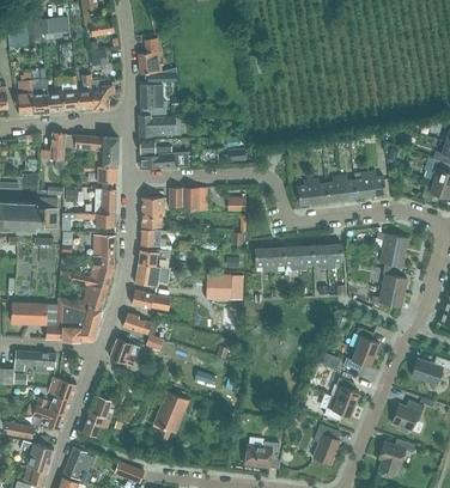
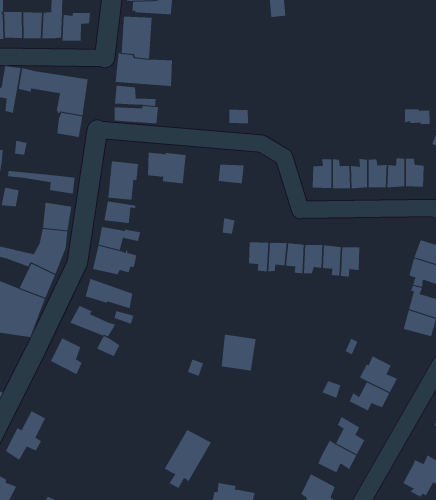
building: [95,189,116,214] -> none
building: [206,274,231,300] -> [221,334,256,371]
building: [153,392,188,439] -> [164,429,212,489]

